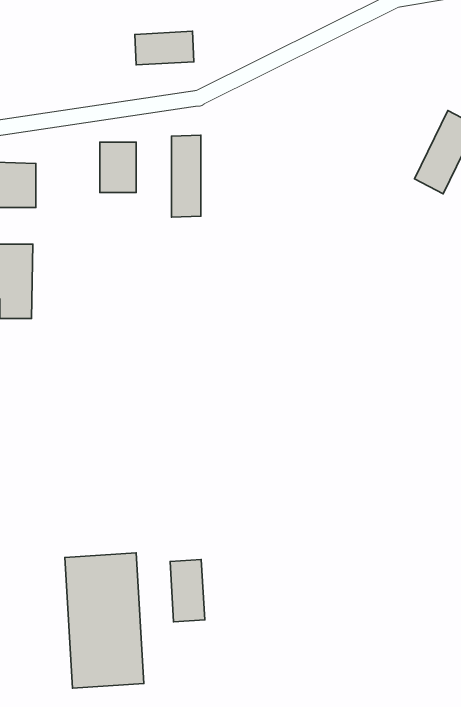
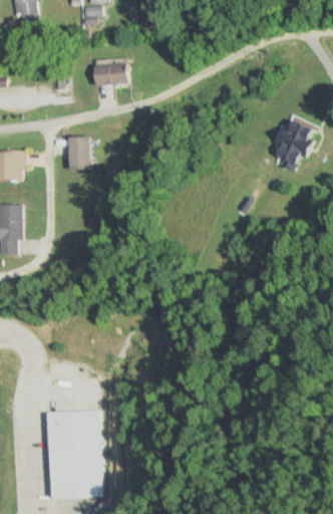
building: [171,135,201,217] -> none
building: [170,560,205,622] -> none

